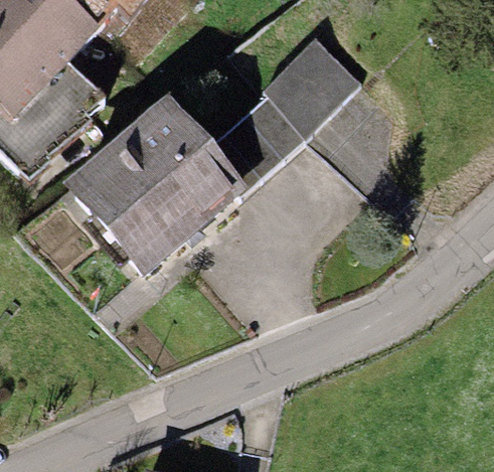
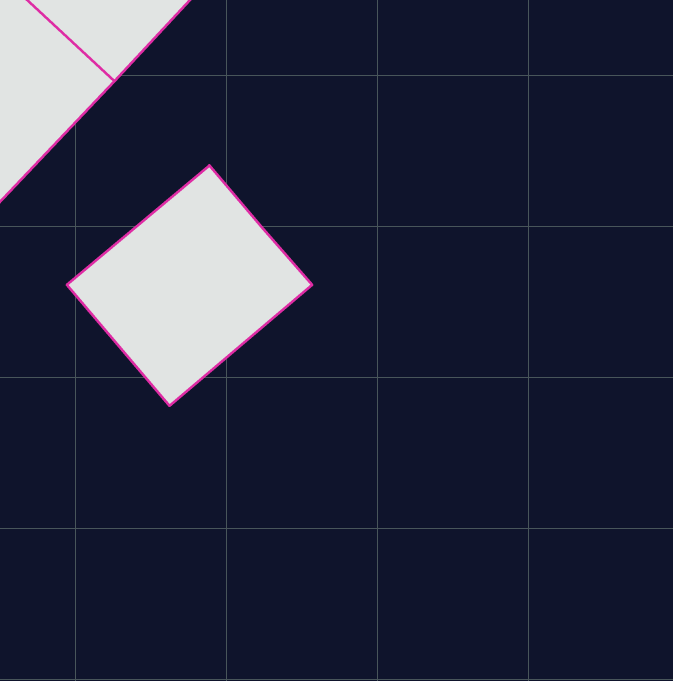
building: [202,39,358,191] -> none

